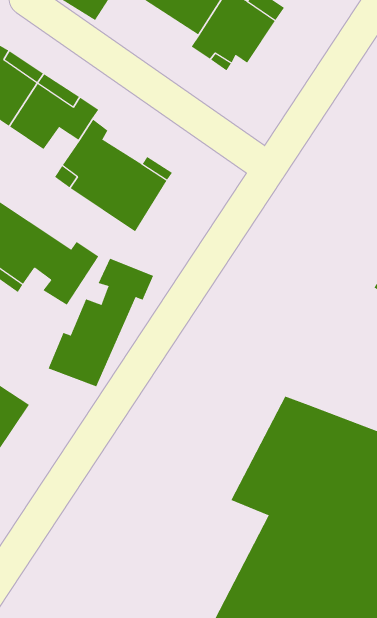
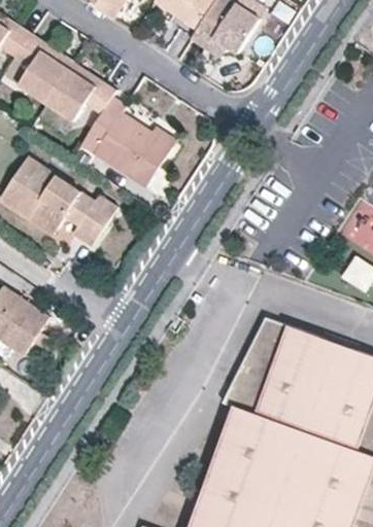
building: [48,258,154,387] -> none

